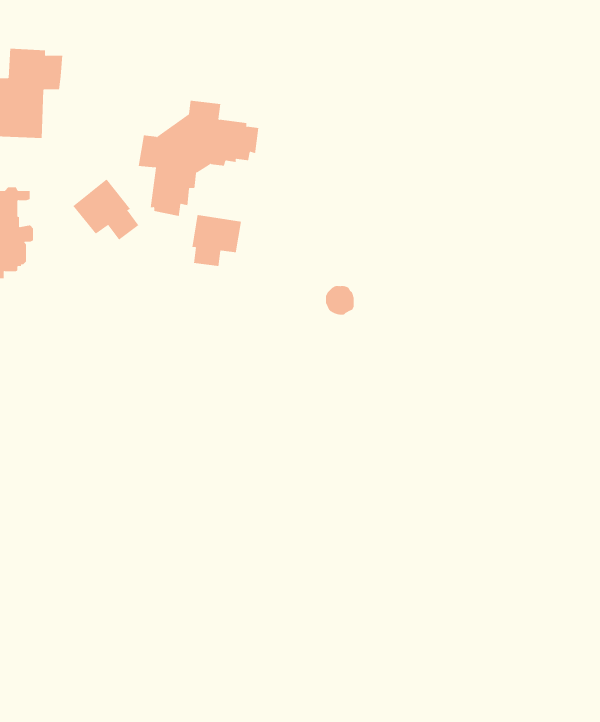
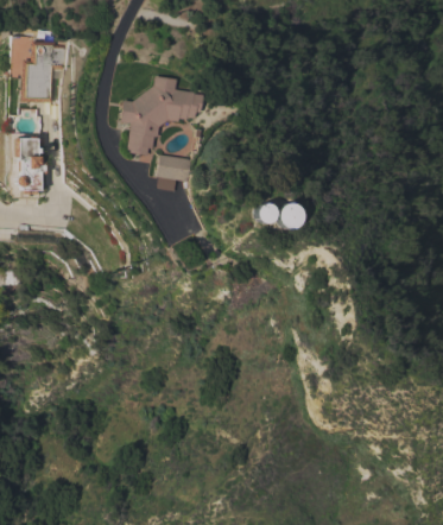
building: [72,179,139,241] -> none
building: none -> [268,203,295,229]

